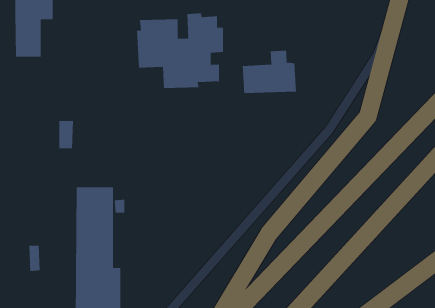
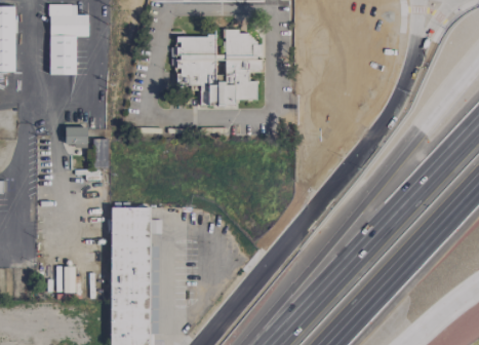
building: [242,50,297,94] -> none
building: none -> [66,126,88,146]

